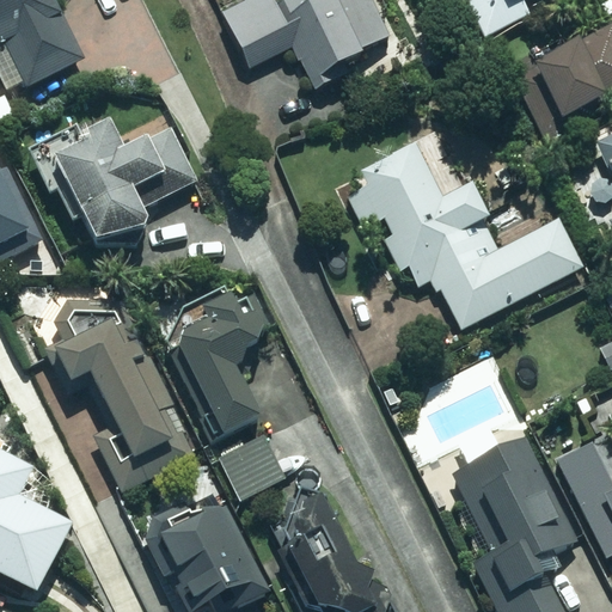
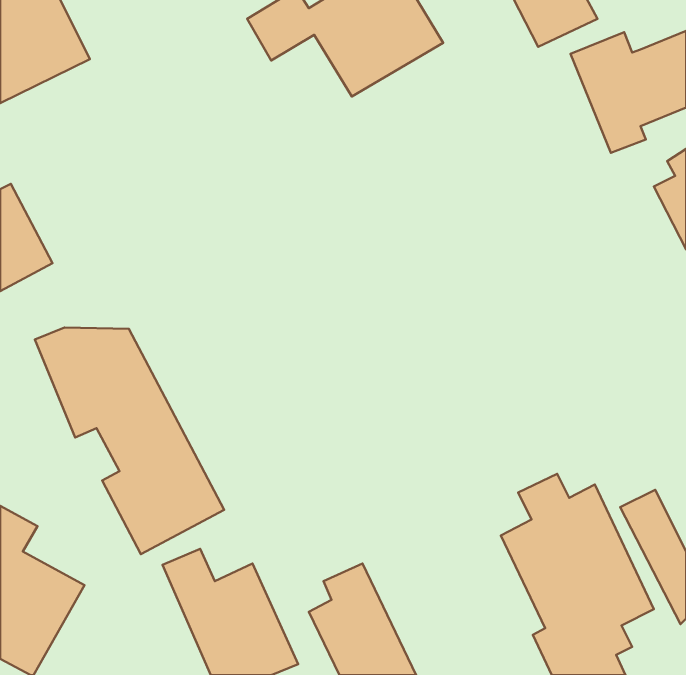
building: [26,123,200,252] -> none
building: [344,142,582,331] -> none
building: [169,283,279,439] -> none
building: [215,430,282,498] -> none

